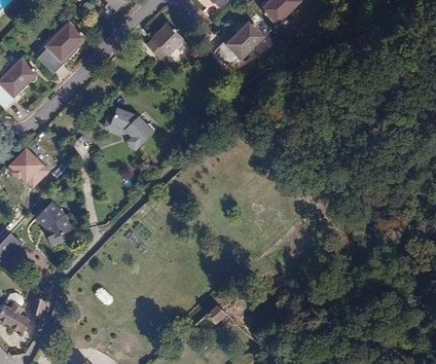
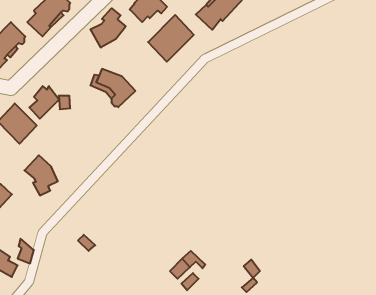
building: none -> [90,8,126,48]
building: none -> [148,15,194,62]
building: none -> [29,86,59,119]

